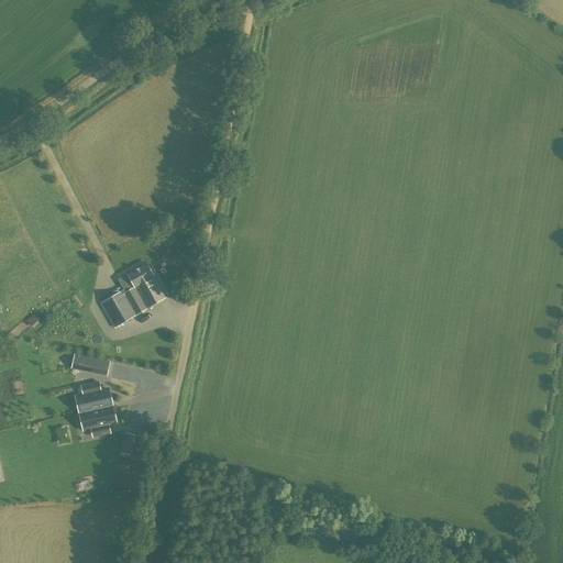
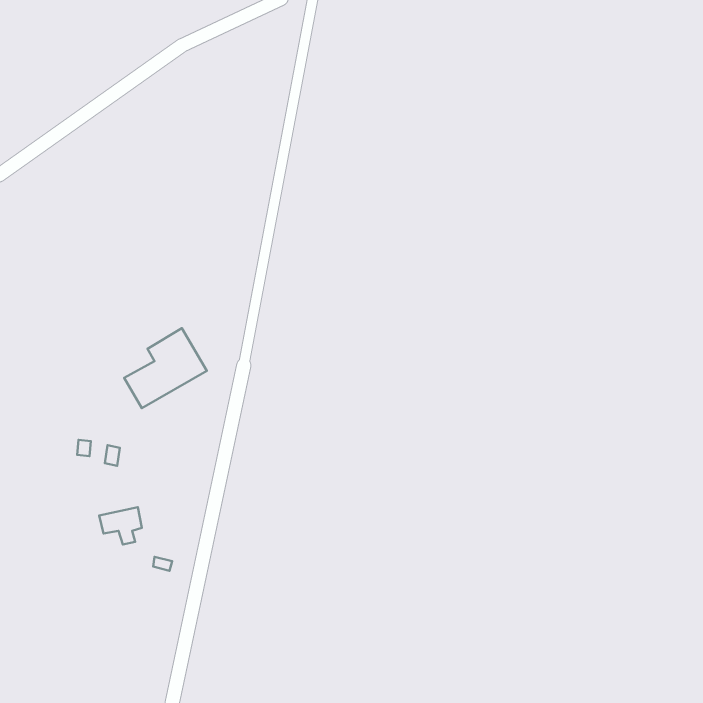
building: [76,380,110,411] -> none

